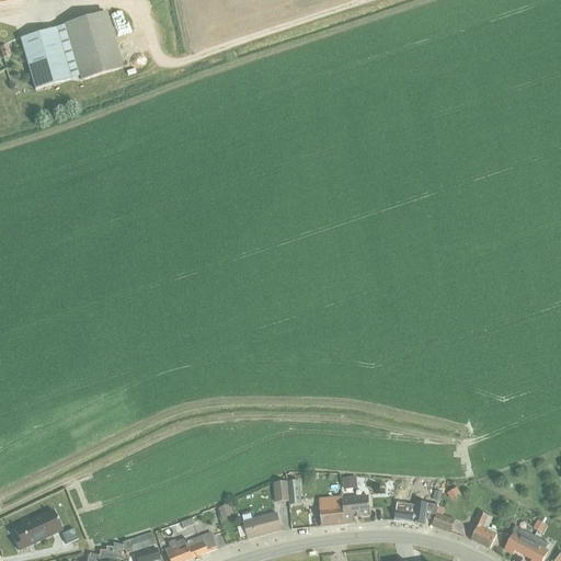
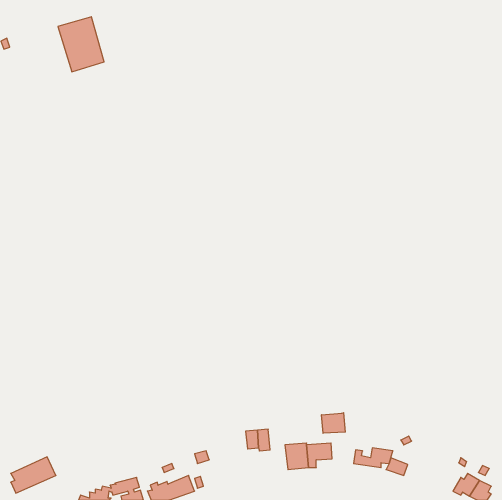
building: [19,27,69,89] -> none
building: none -> [322,413,345,433]
building: [471,510,497,548] -> none
building: [238,511,282,537] -> none

